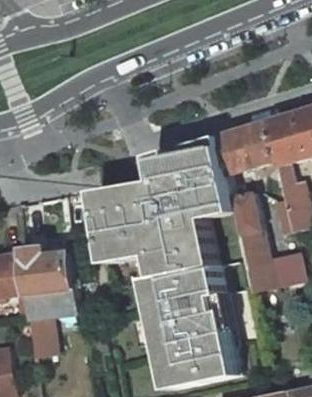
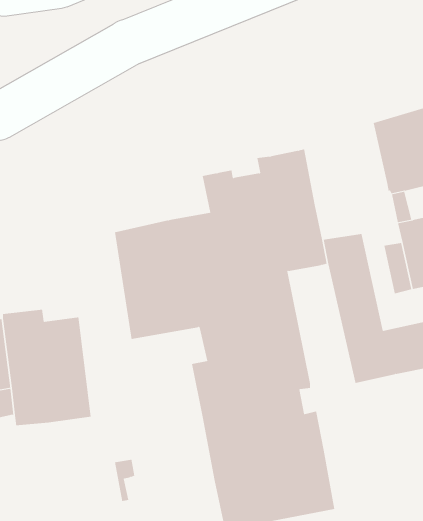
building: [219,120,273,174] -> none
building: [28,318,55,357] -> none

